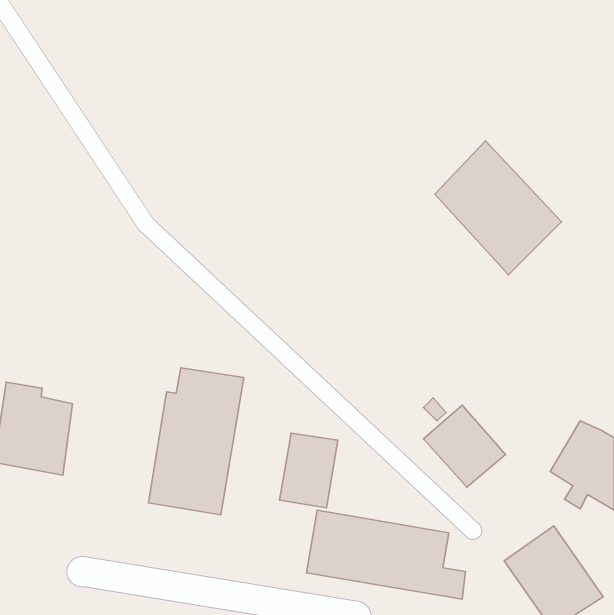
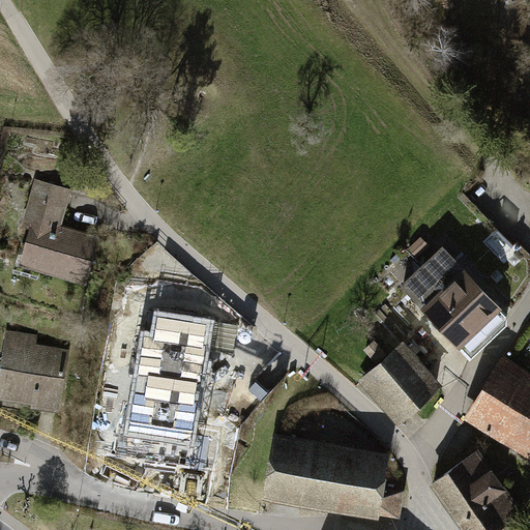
building: [435,141,562,275] -> [403,241,511,356]
building: none -> [12,183,101,292]
building: [279,433,338,508] -> none

